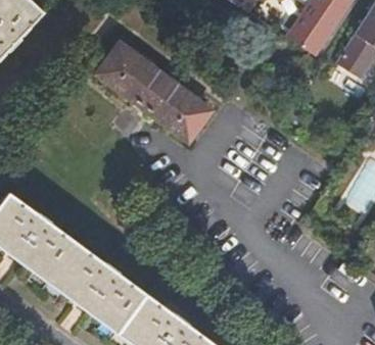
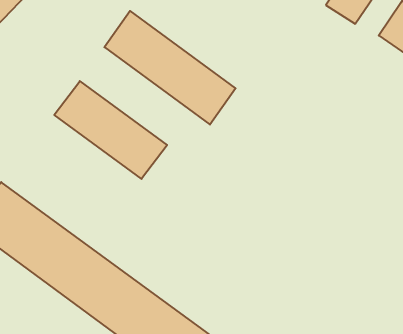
building: none -> [54,81,167,179]

